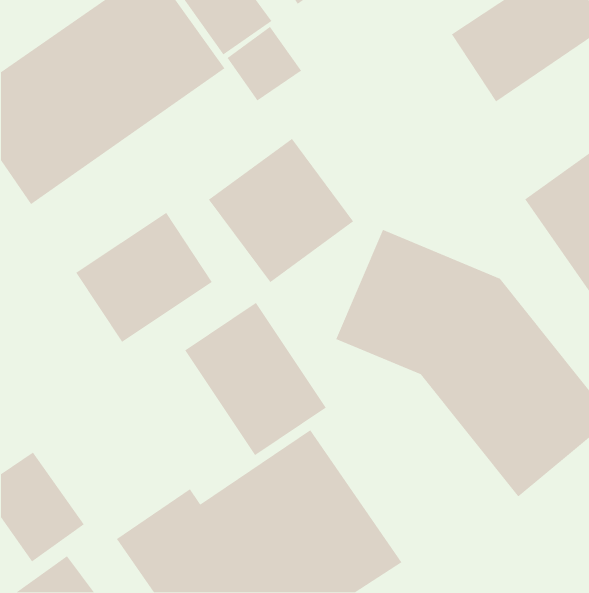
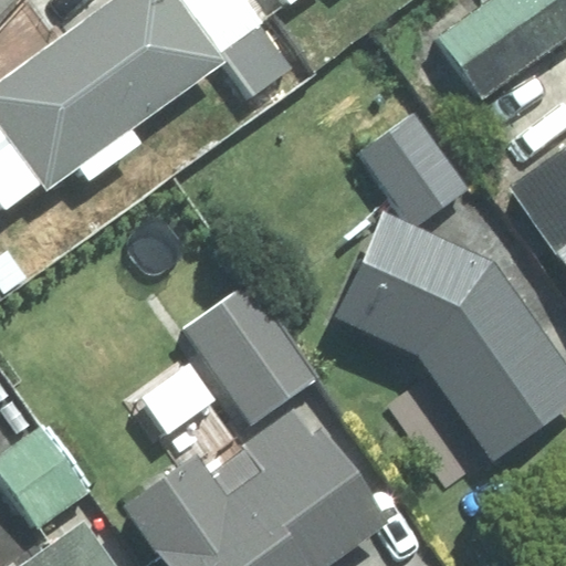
building: none -> [357,105,474,228]
building: [208,138,354,283] -> none
building: [75,212,213,343] -> none

